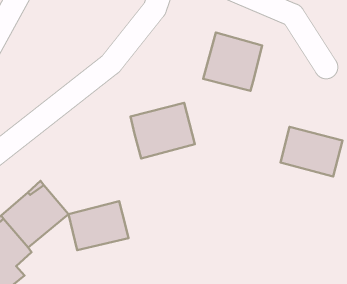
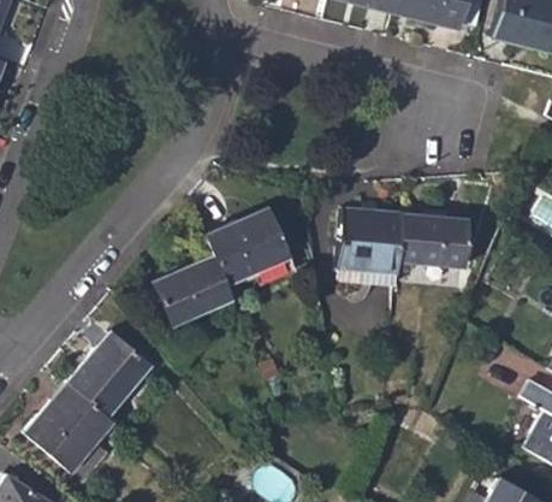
building: [203,33,262,91] -> [336,208,400,272]
building: [68,201,128,250] -> [154,255,232,324]

